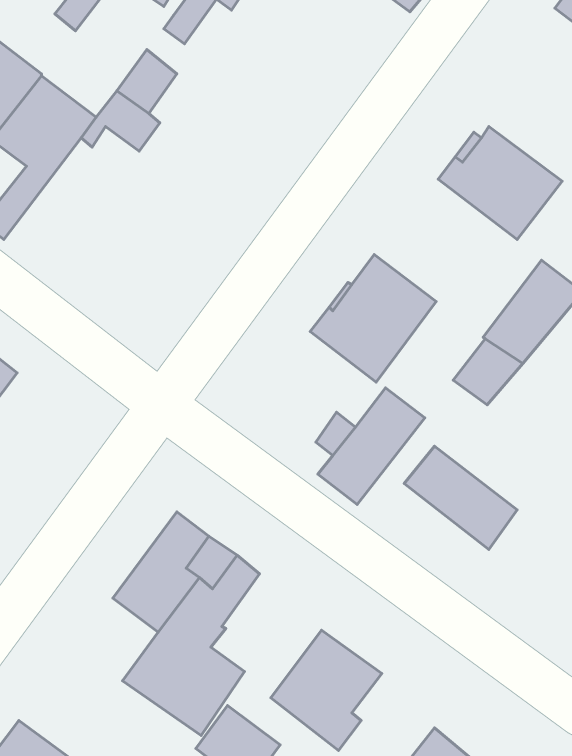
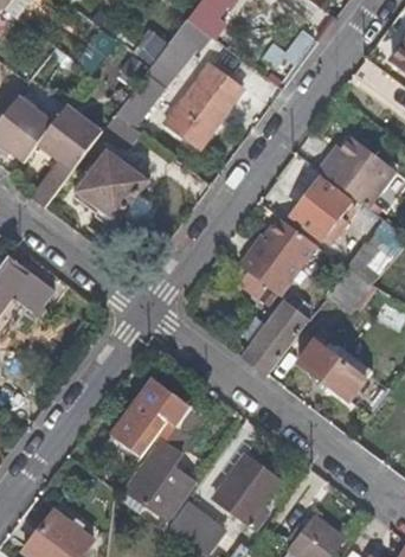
building: none -> [165,64,243,148]
building: none -> [75,152,148,224]
building: none -> [290,178,352,242]

